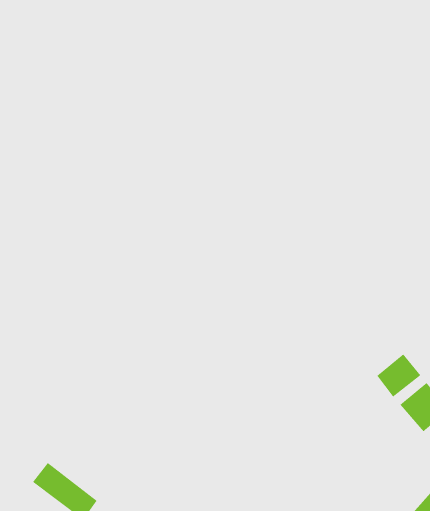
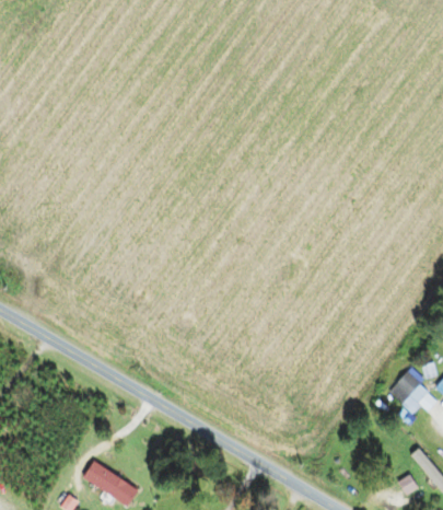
building: [376,353,421,397] -> none

